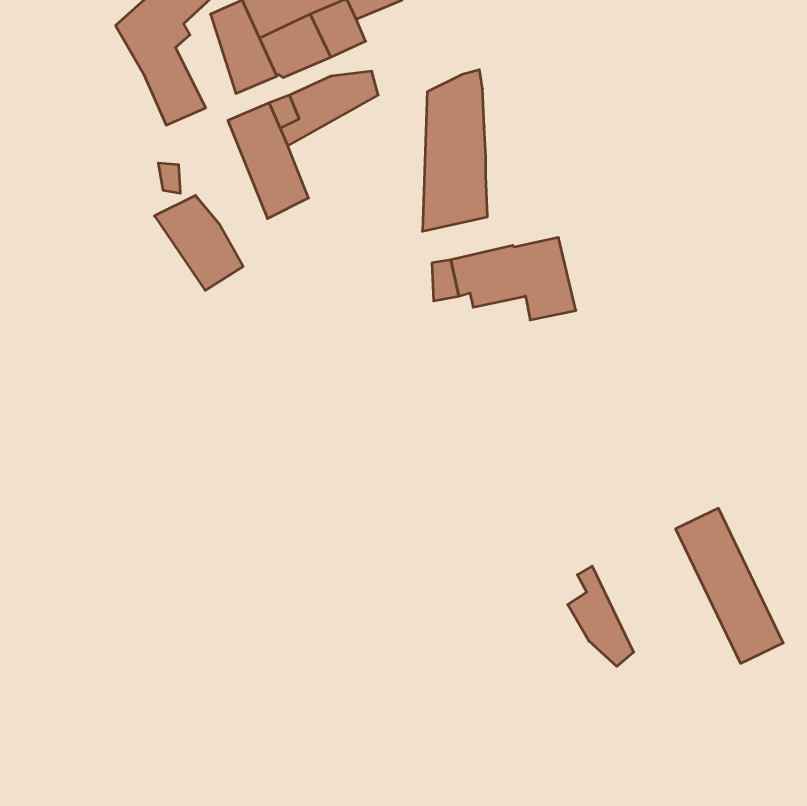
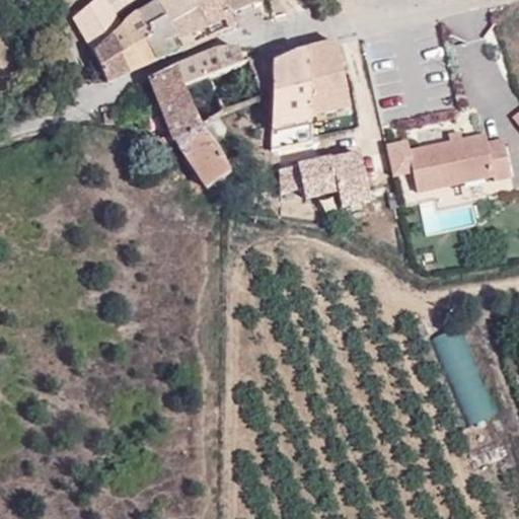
building: none -> [114,9,152,69]
building: none -> [308,39,350,113]
building: [154,195,243,290] -> [172,127,229,188]
building: none -> [385,131,512,190]
building: [568,566,634,666] -> none

